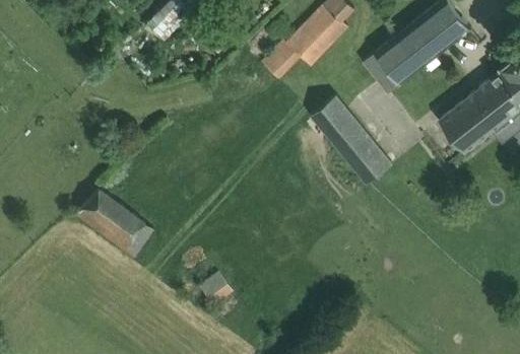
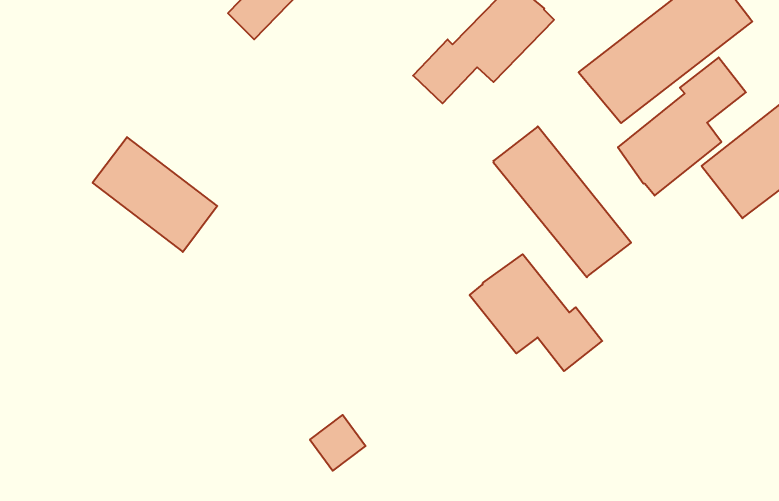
building: none -> [618,57,746,196]
building: none -> [470,254,602,371]
building: [74,188,151,259] -> [93,137,217,252]

